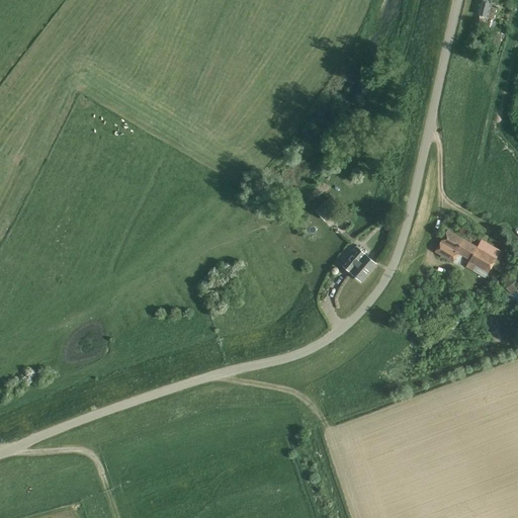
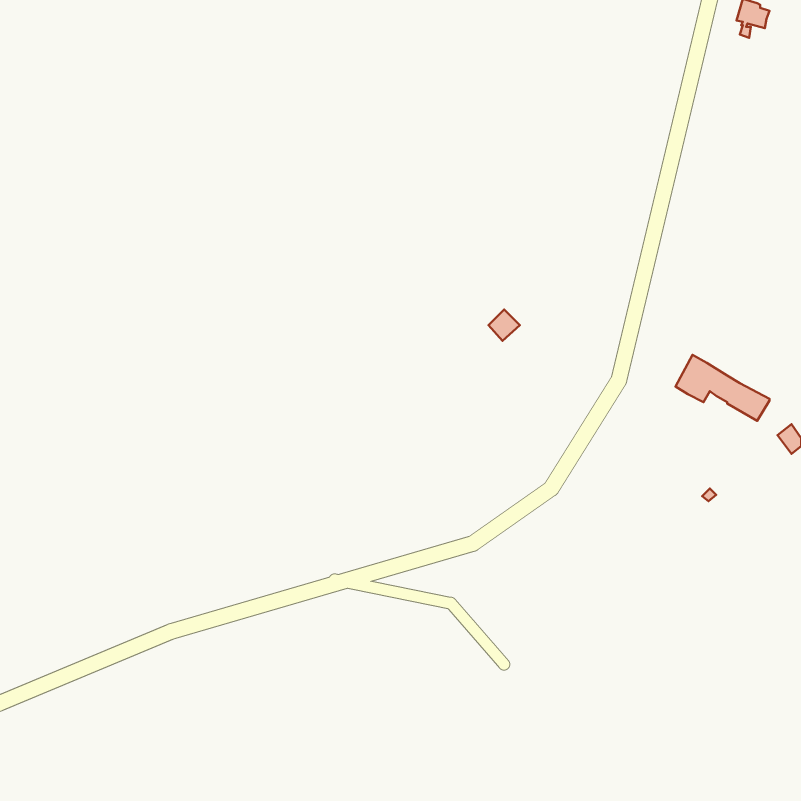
building: [342,244,375,280] -> none

